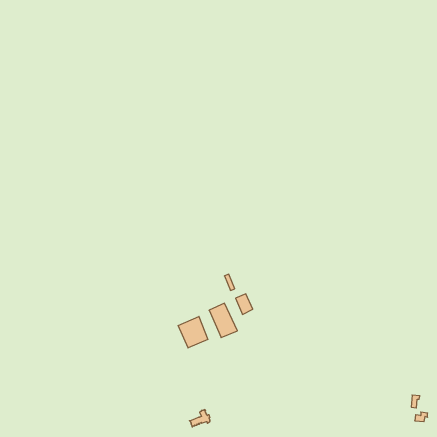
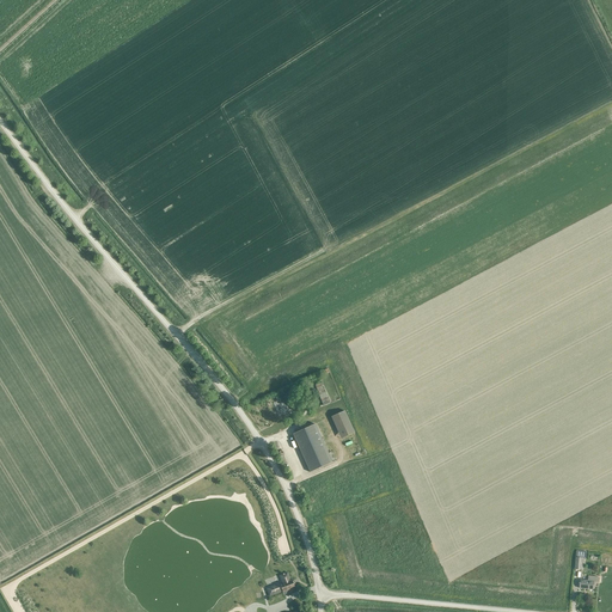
building: [178,316,208,348] -> none

